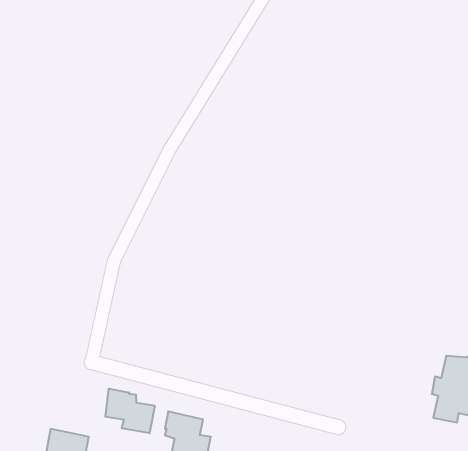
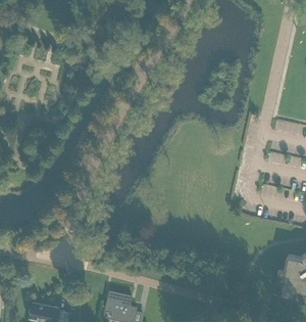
building: [105,389,155,433] -> none

